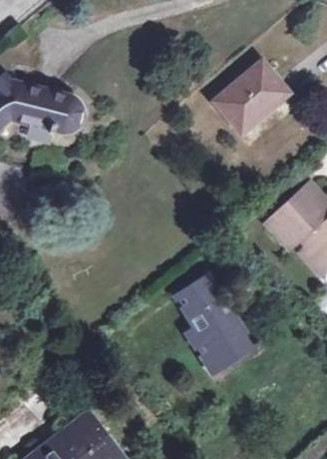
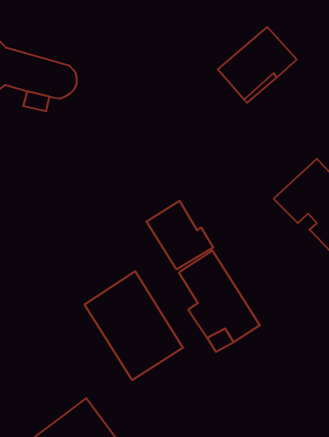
building: none -> [146,201,213,269]
building: none -> [85,271,183,380]

